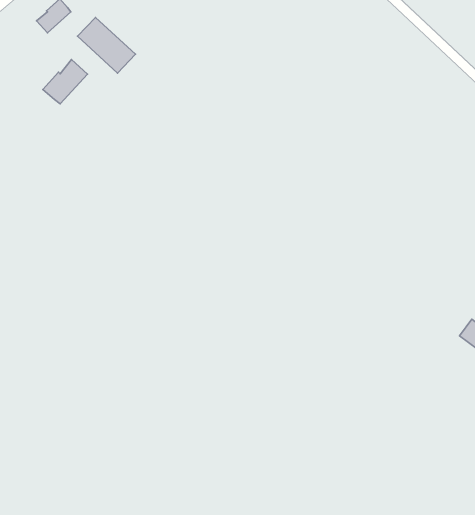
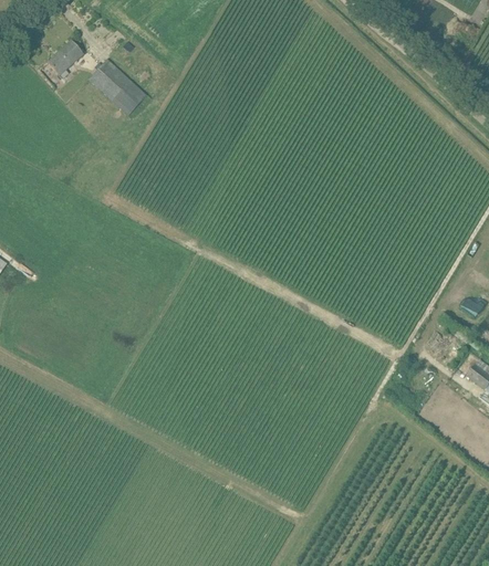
building: [43,60,87,104] -> none

